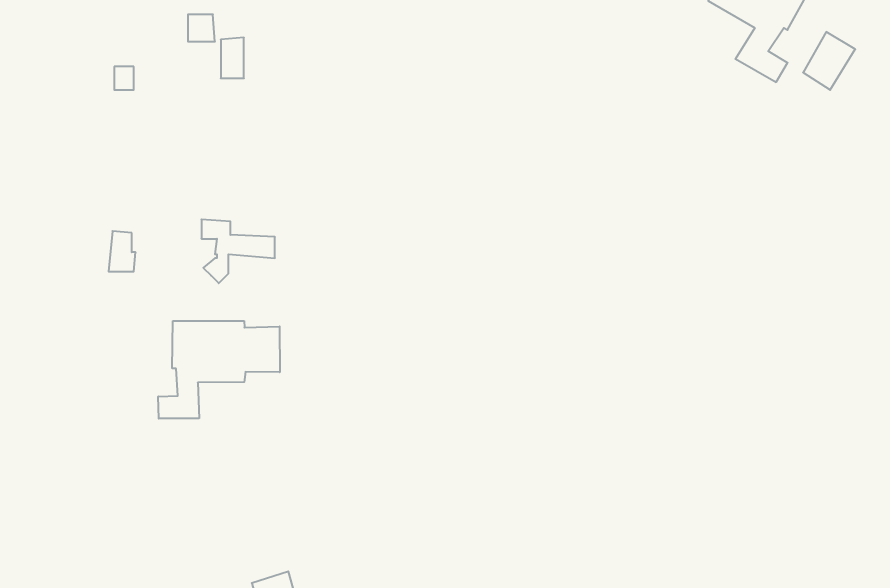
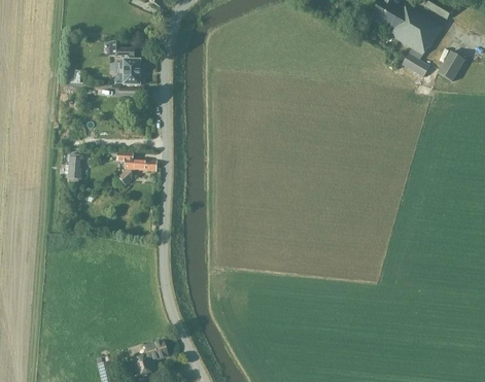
building: [158,321,280,419] -> none

